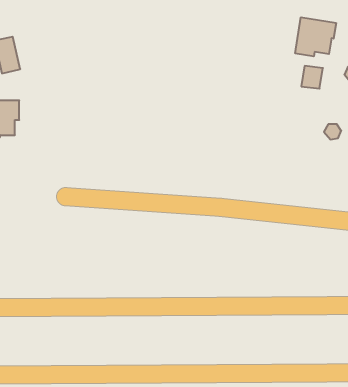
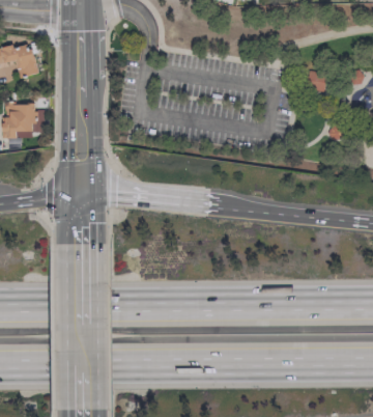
building: [295,17,336,56] -> none

